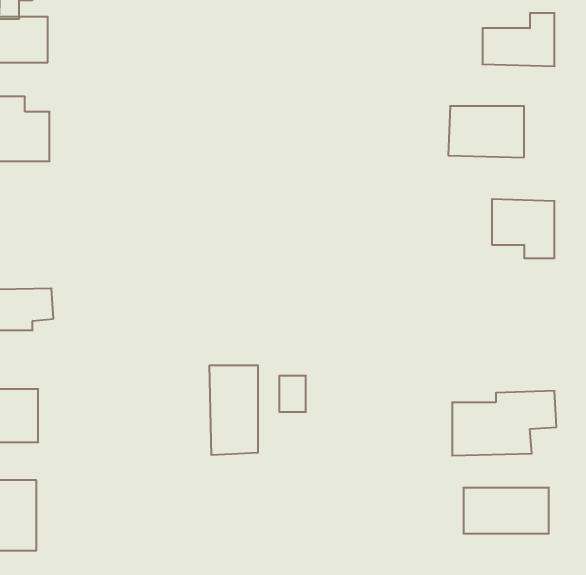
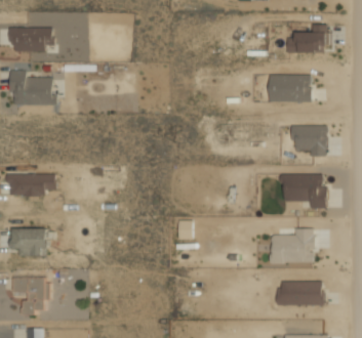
building: none -> [282,173,326,208]
building: [210,365,258,455] -> none

